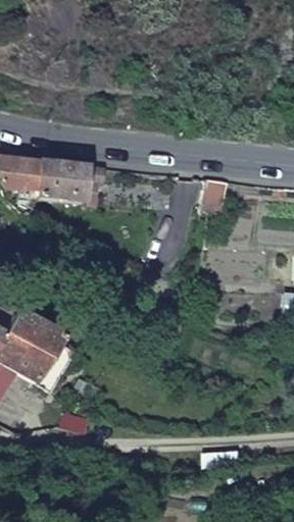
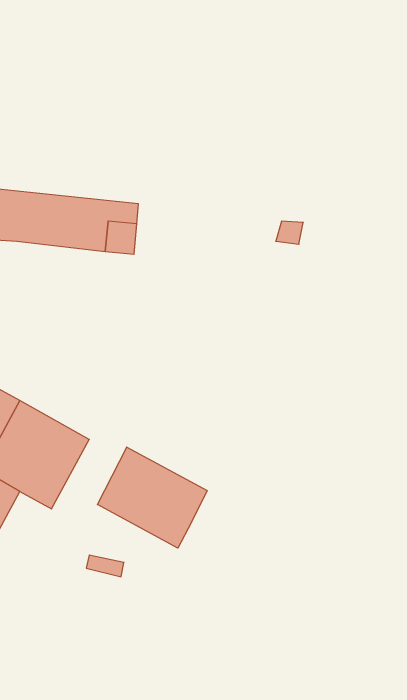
building: none -> [97,447,207,548]

